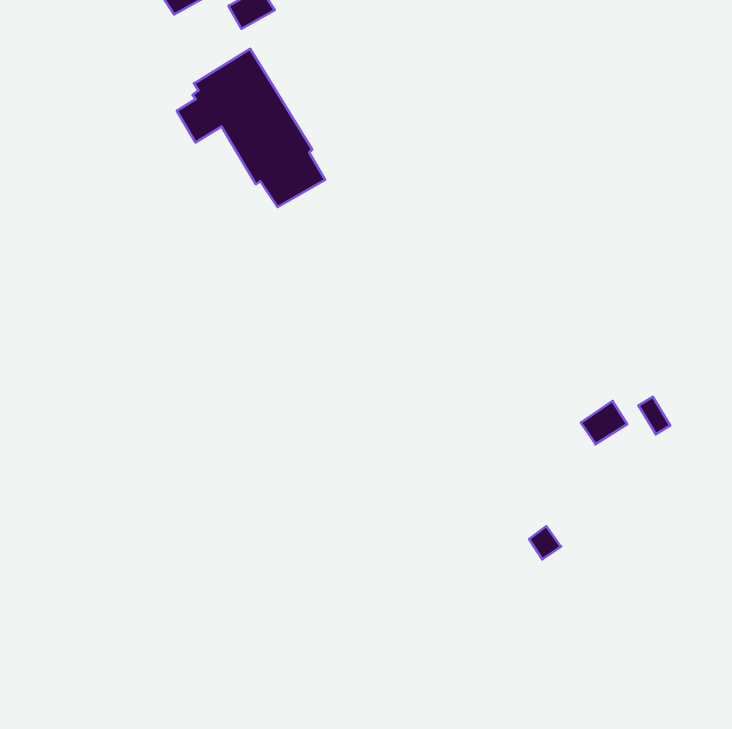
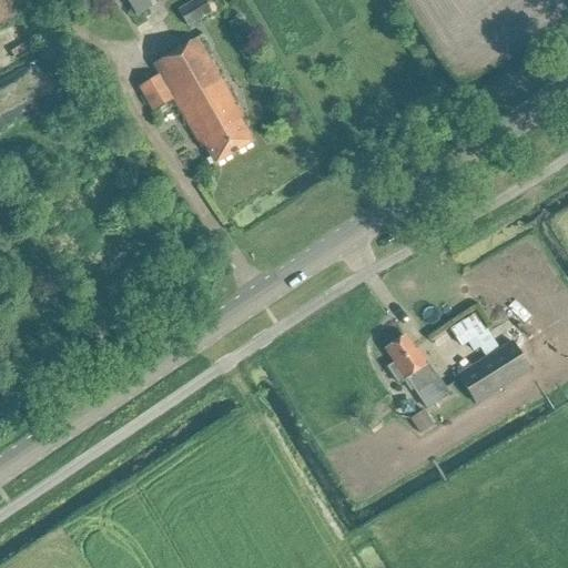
building: none -> [386,333,449,405]
building: none -> [458,338,530,400]

